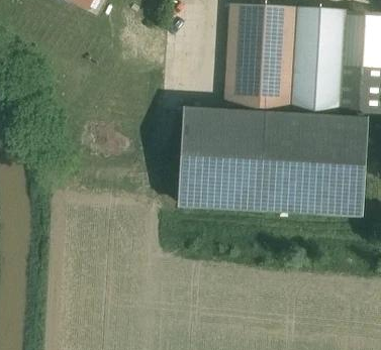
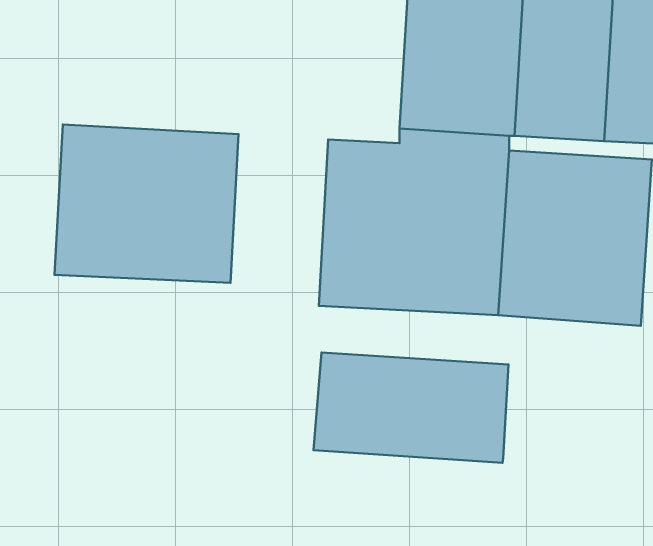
building: none -> [55,124,239,283]
building: none -> [313,352,509,463]

